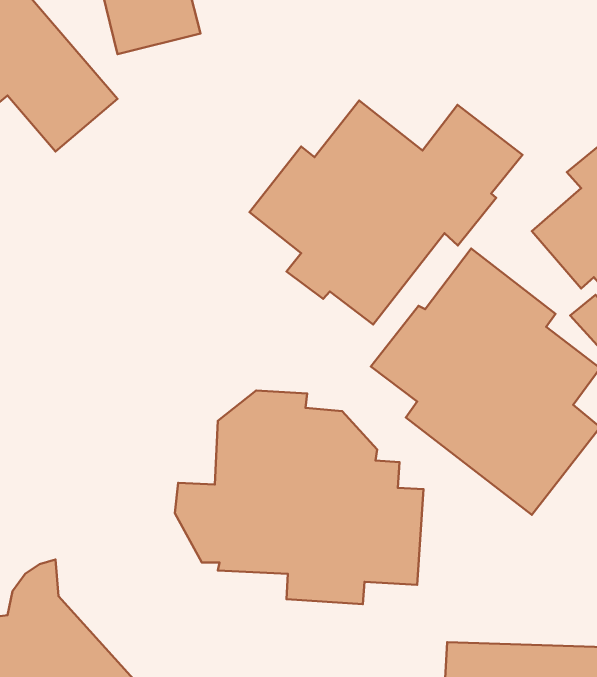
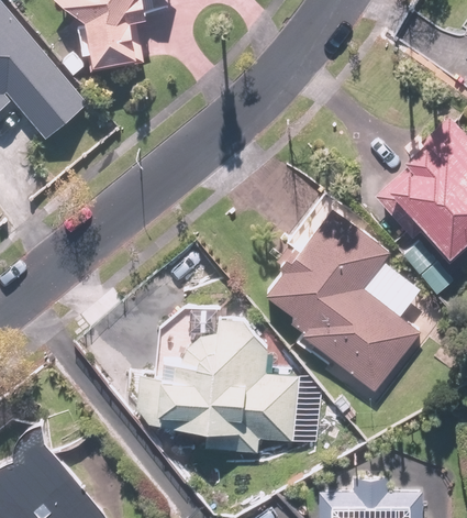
building: [250,100,523,325] -> none

